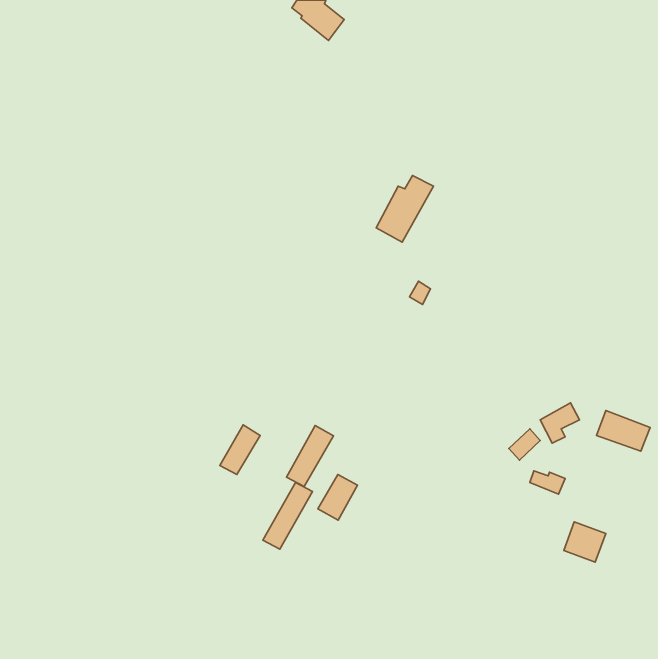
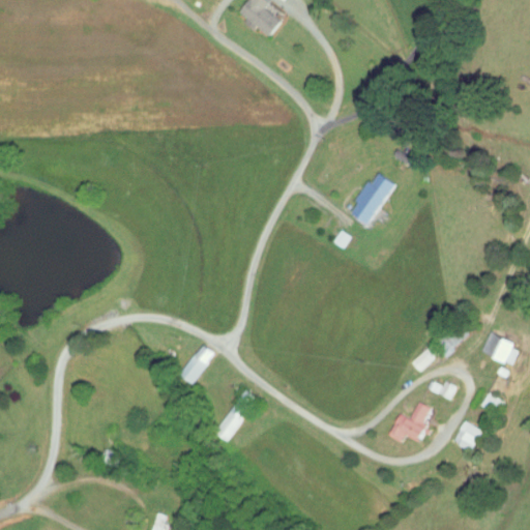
building: [376,176,434,242] -> [350,173,395,226]
building: [286,426,333,486] -> none
building: [318,475,357,520] -> none
building: none -> [388,402,430,443]

